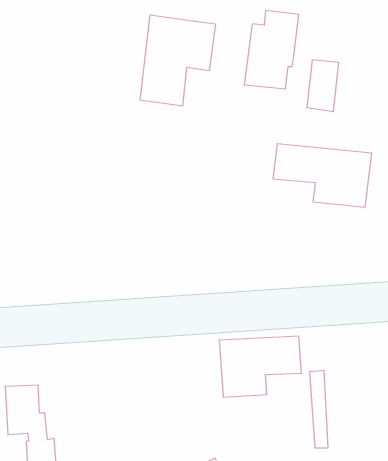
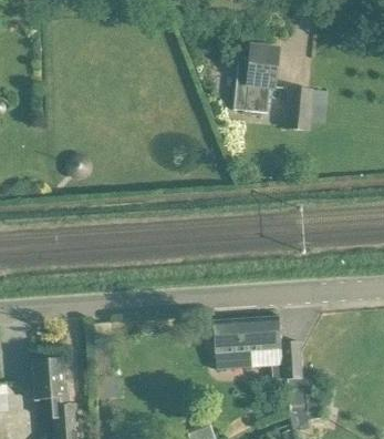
building: [140,15,215,106] -> none
building: [273,143,371,208] -> none

